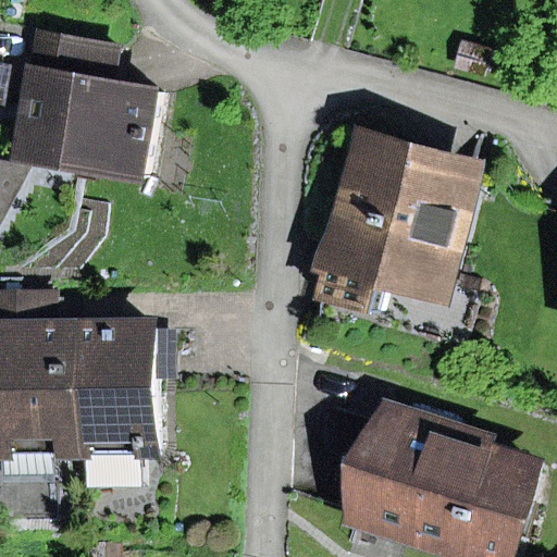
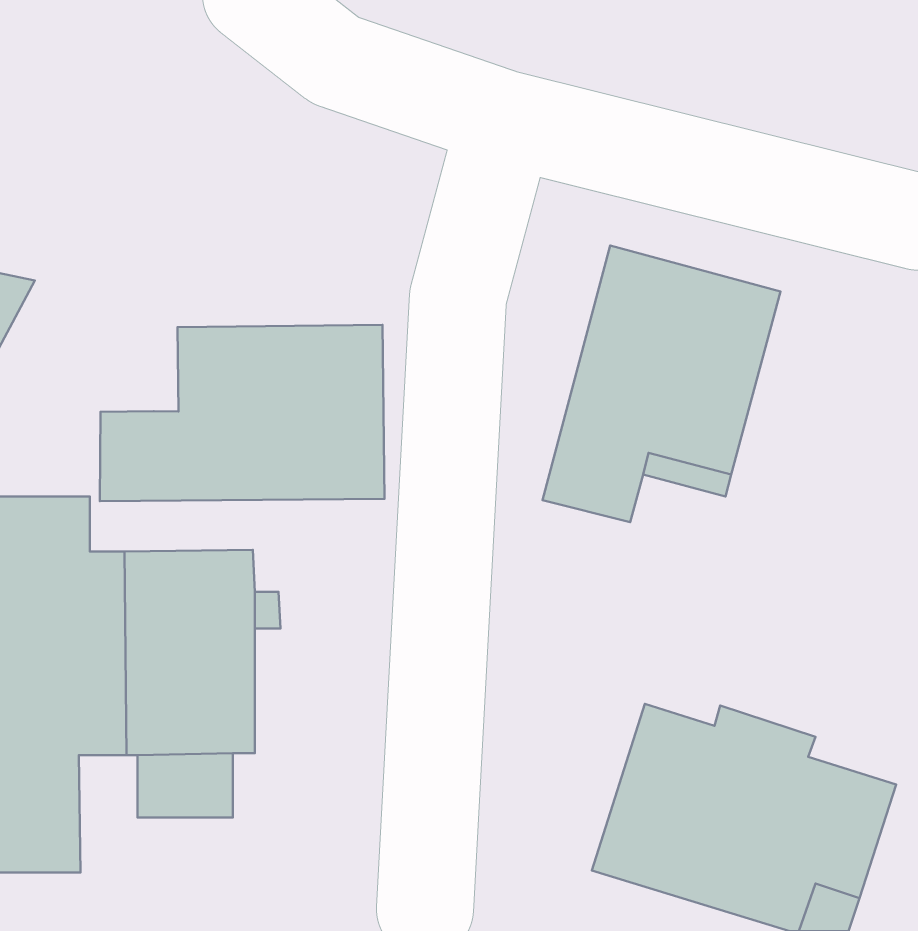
building: [17,35,156,176] -> none
building: none -> [100,325,384,501]

